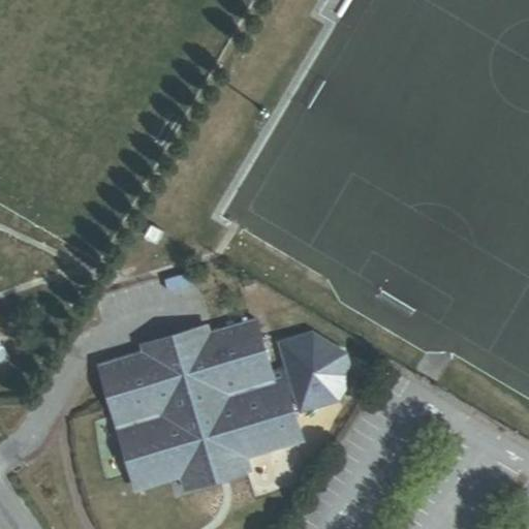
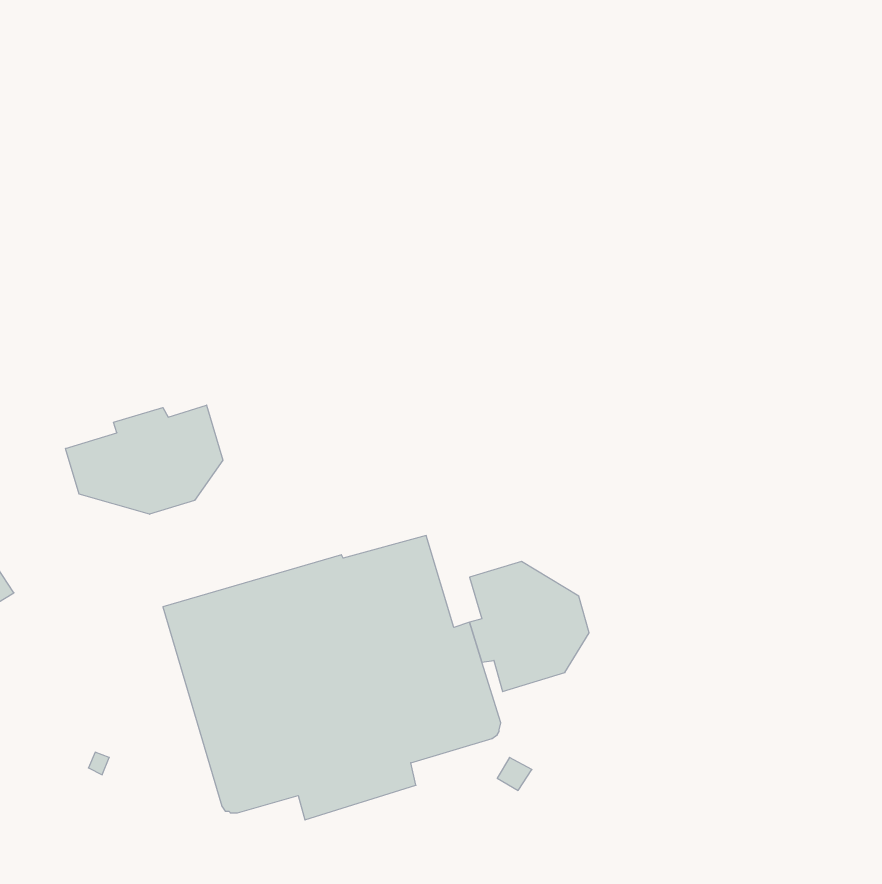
building: none -> [66,405,223,514]

